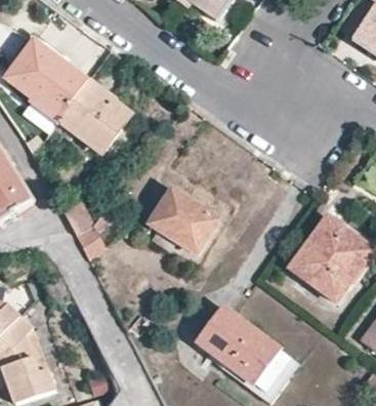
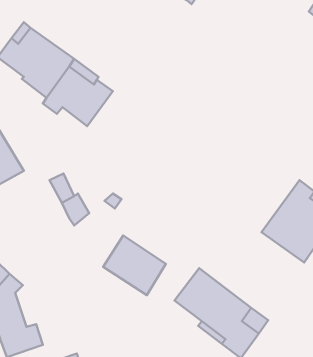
building: [151,189,218,253] -> [103,235,166,295]

